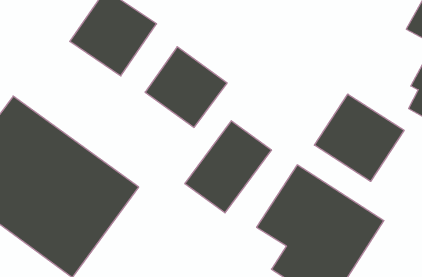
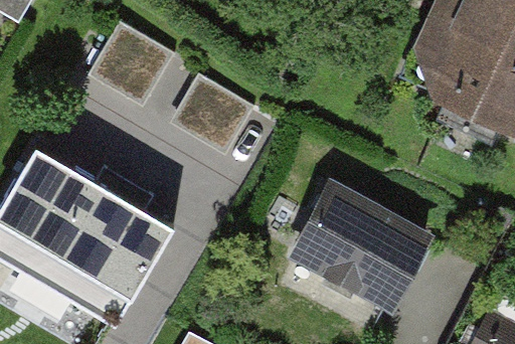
building: [314,94,404,181] -> none
building: [185,121,271,213] -> none

